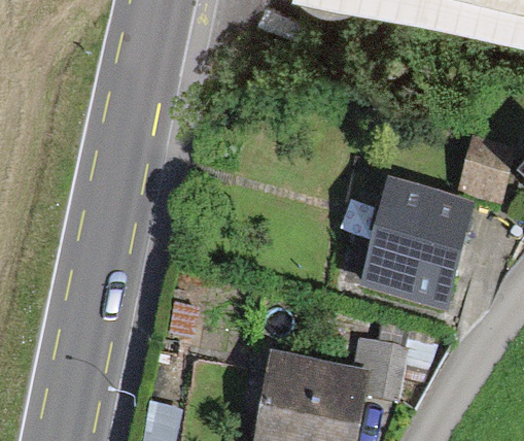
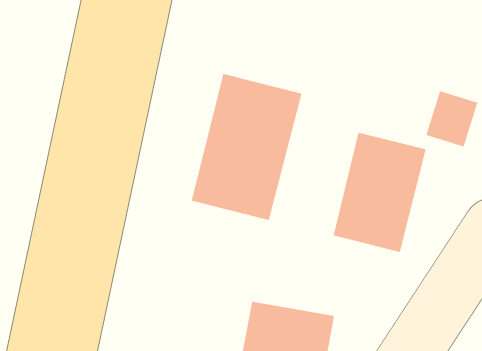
building: none -> [191,73,302,221]

